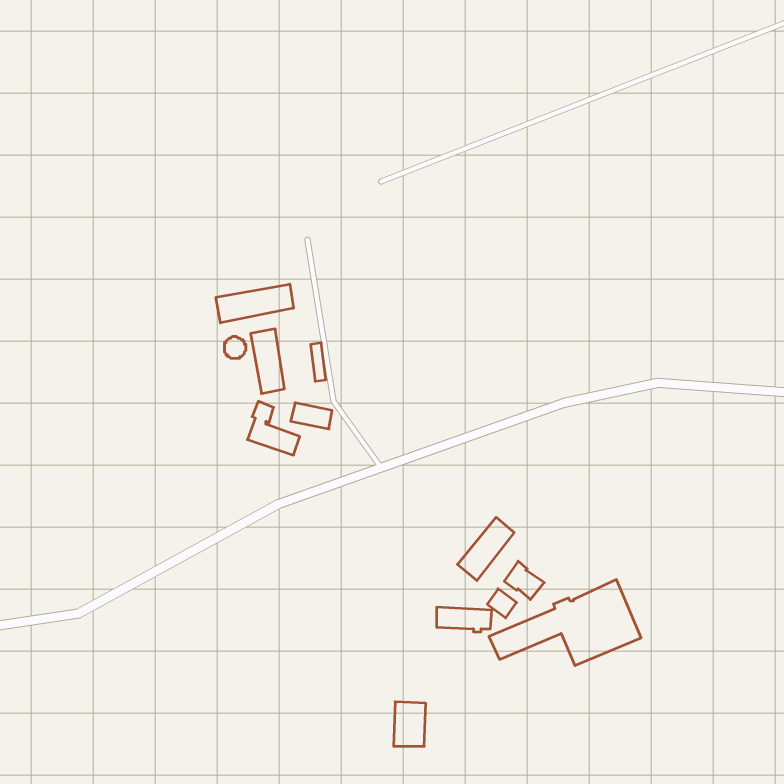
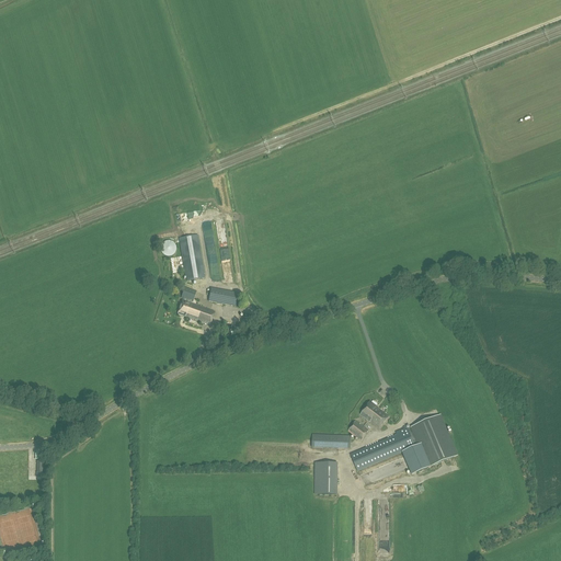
building: [216,284,293,323] -> none
building: [457,517,514,581] -> none
building: [394,702,426,746] -> [314,461,337,493]

